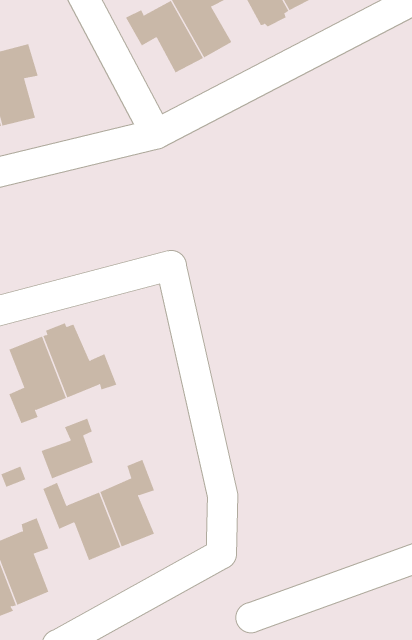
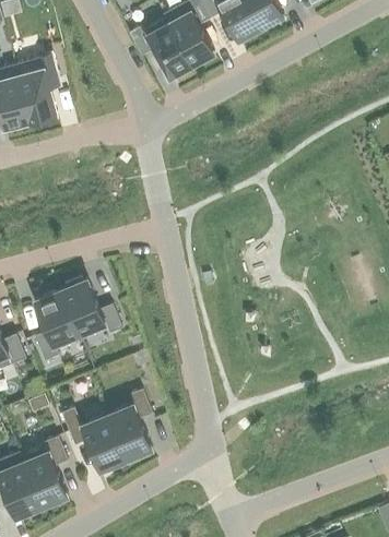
building: [41,418,93,479] -> none

